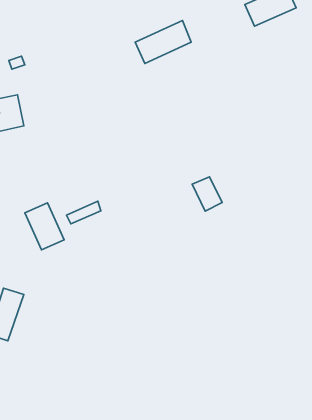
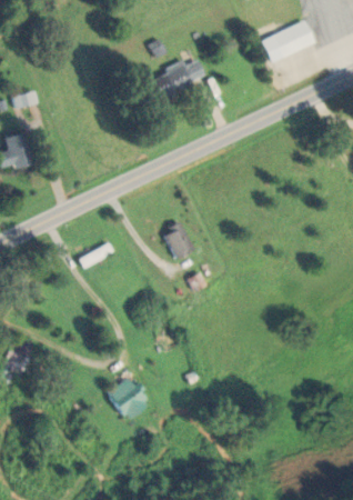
building: [192,177,222,211] -> [162,222,193,258]
building: [25,203,64,250] -> none
building: none -> [107,376,148,419]

